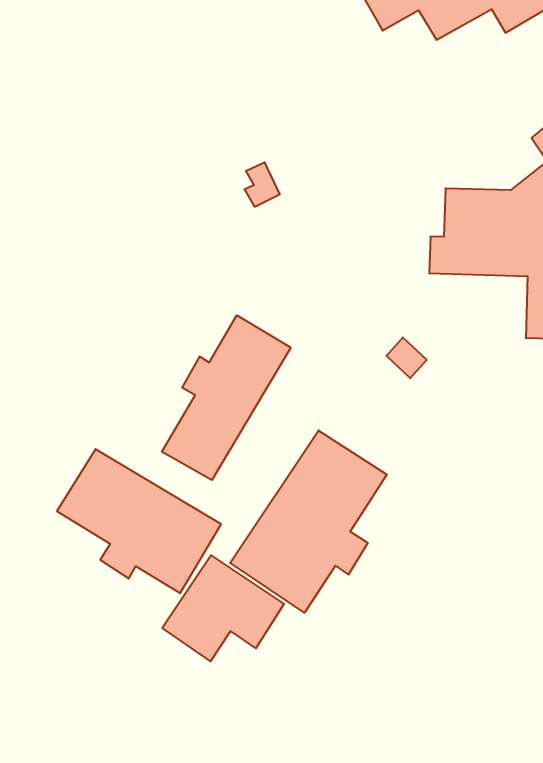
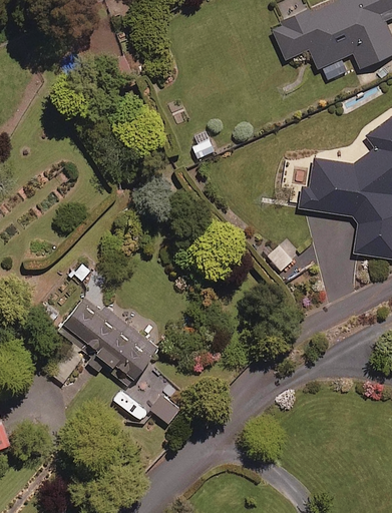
building: [162,315,291,480] -> none
building: [230,430,387,613] -> none

